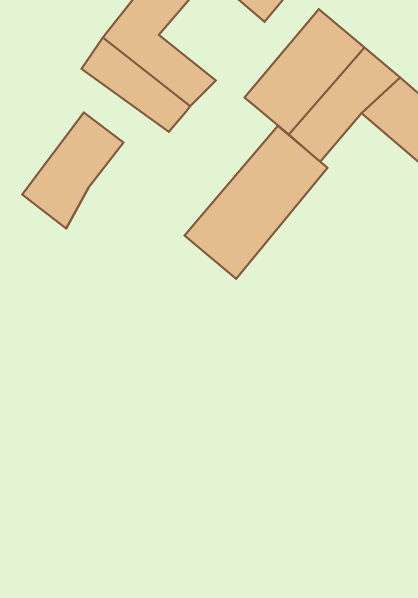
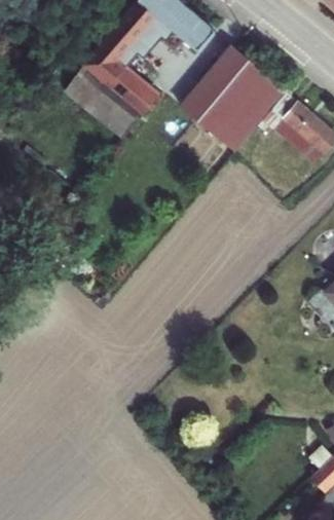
building: [22,113,123,229] -> none
building: [185,126,327,279] -> none

